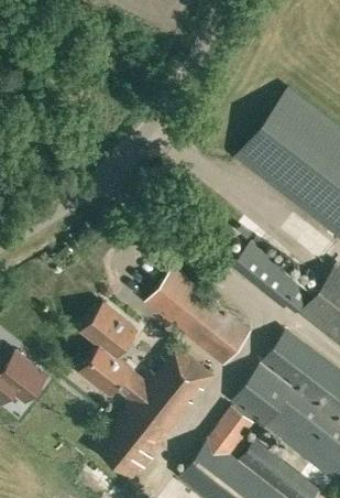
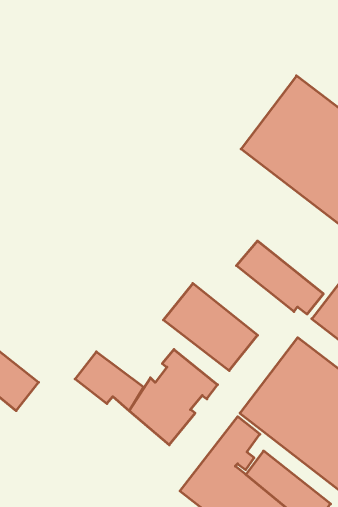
building: [147,268,191,316] -> none
building: [83,303,139,357] -> none
building: [96,401,169,478] -> none

